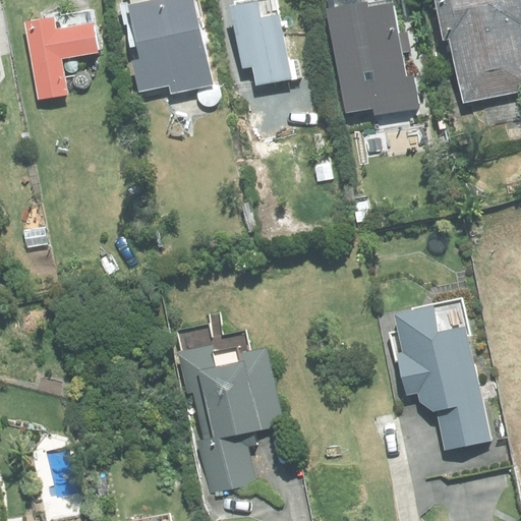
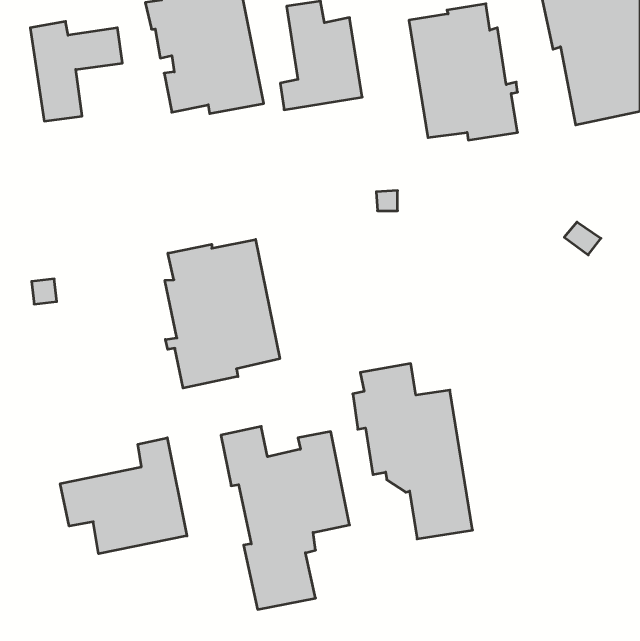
building: none -> [165,239,280,388]
building: [390,306,486,448] -> [353,364,473,539]
building: none -> [60,438,187,554]

